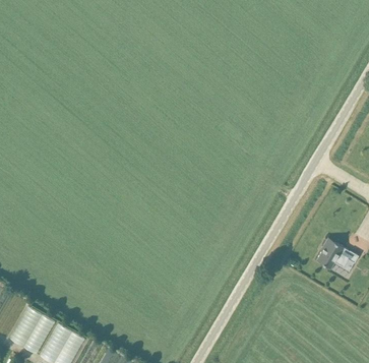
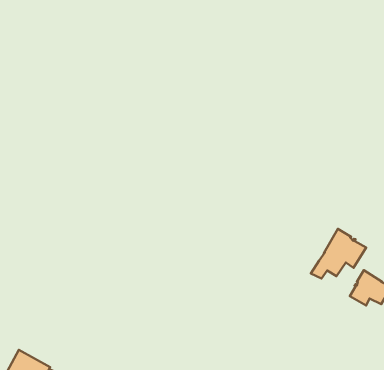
building: none -> [311,229,366,279]

